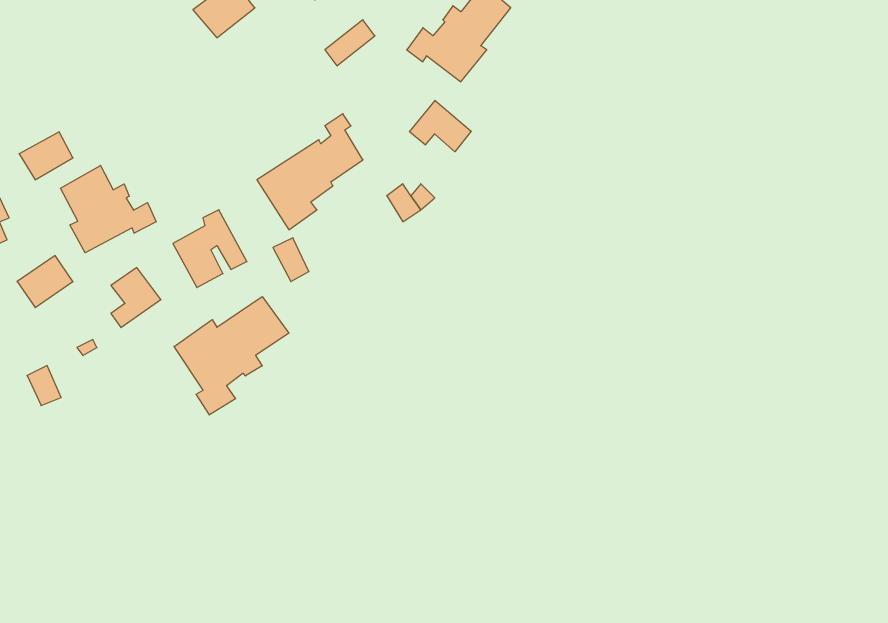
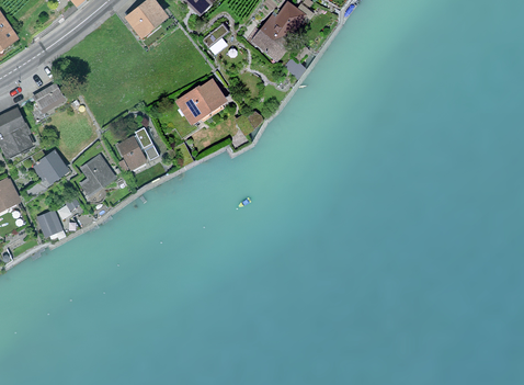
building: [410,100,471,152] -> none
building: [61,165,156,253] -> none
building: [174,297,289,415] -> none

